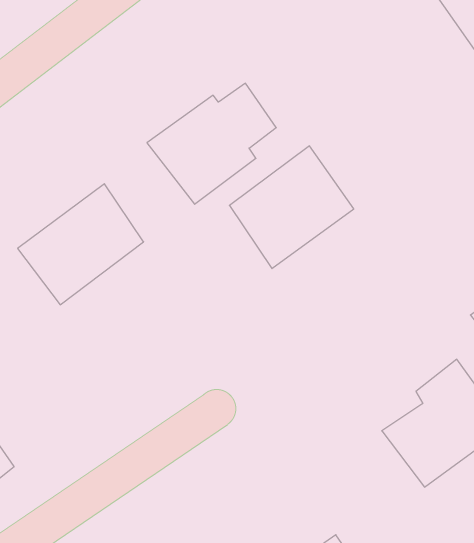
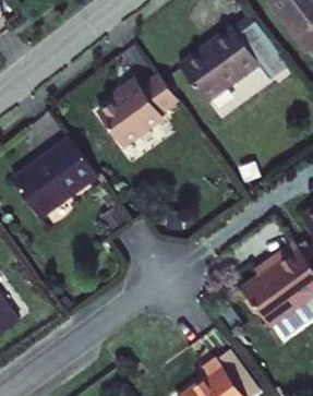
building: [229,146,354,269] -> [193,33,273,111]

